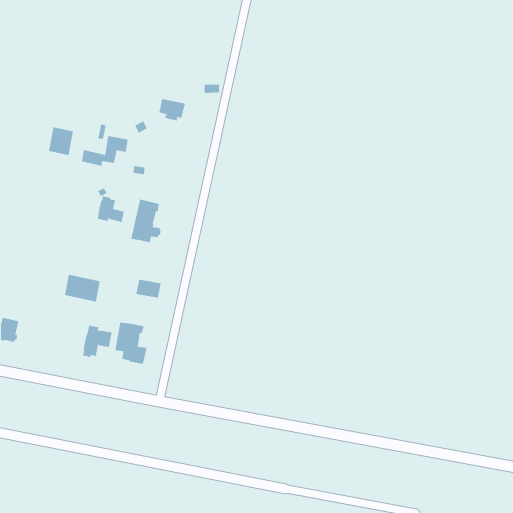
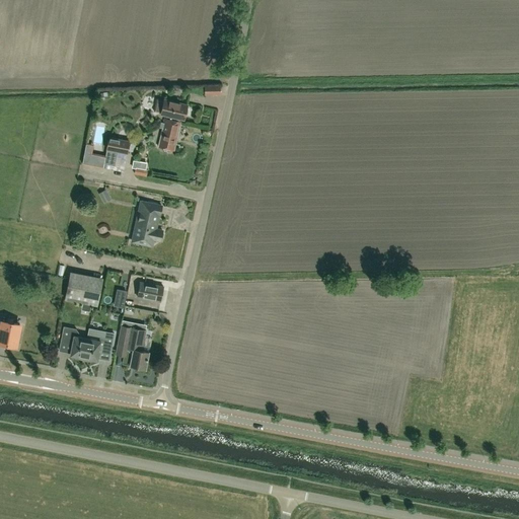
building: none -> [158,119,180,150]
building: [48,127,74,156] -> none
building: [97,196,124,223] -> none
building: none -> [61,326,87,359]

